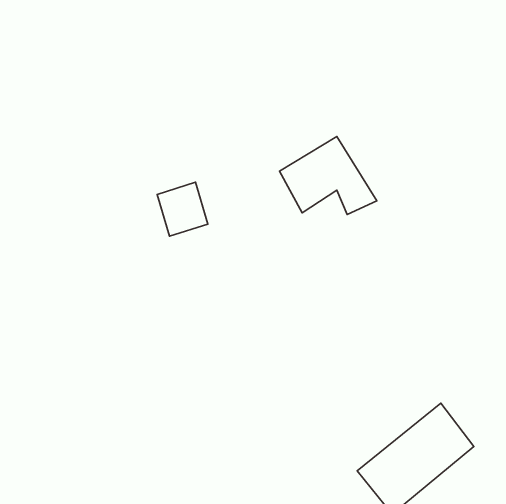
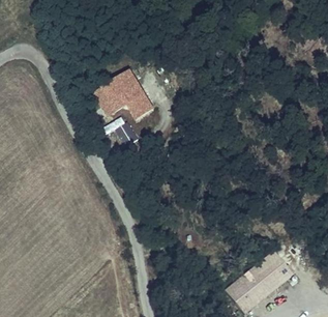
building: [279,136,377,215] -> [94,70,152,117]

